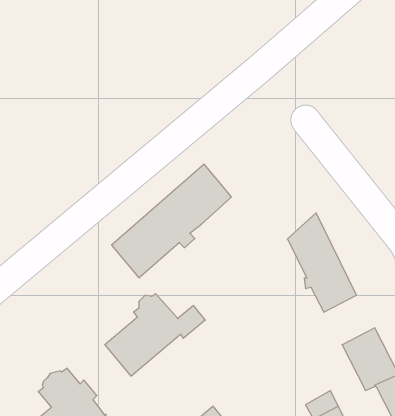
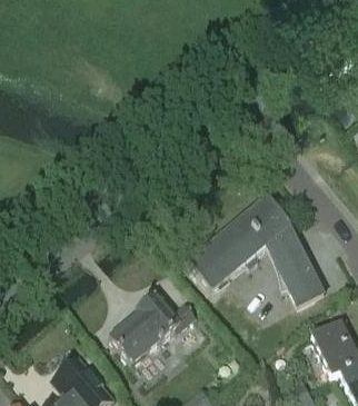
building: [112,164,231,278] -> [188,195,290,291]

